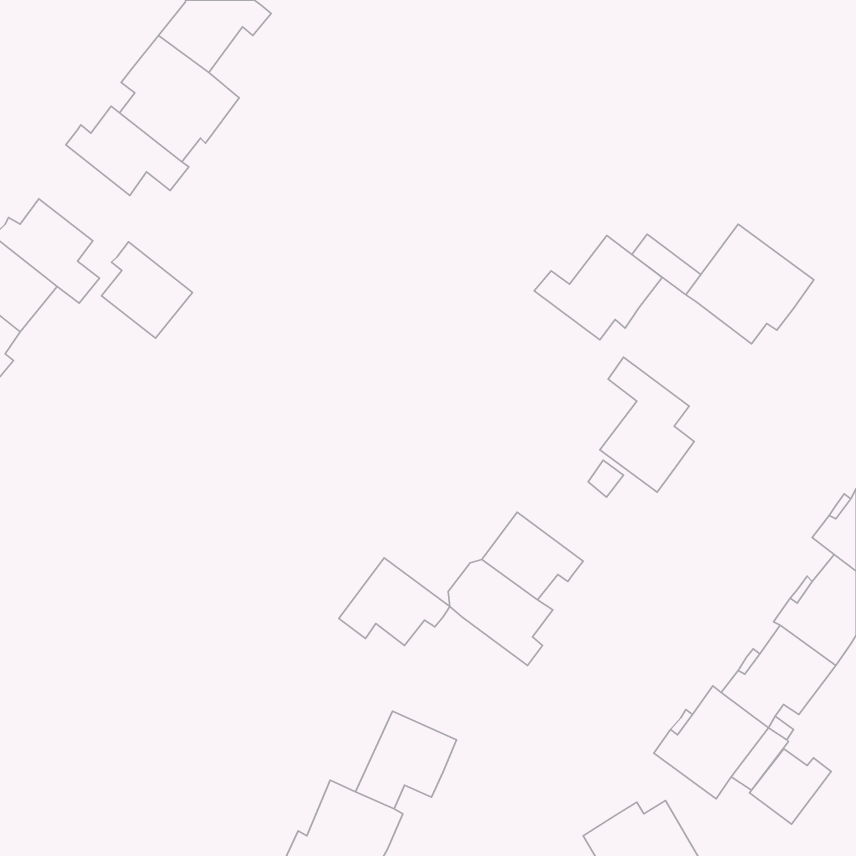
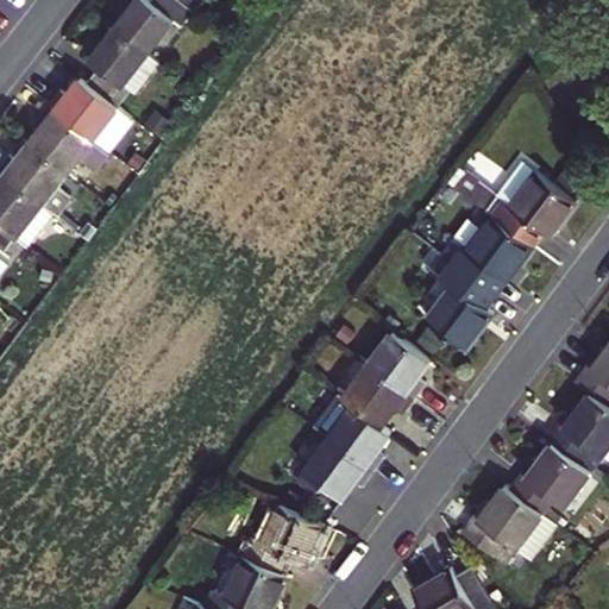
building: [534,235,662,340] -> [440,216,530,290]
building: [102,242,193,338] -> [27,106,92,174]
building: none -> [365,333,429,400]
building: [339,558,450,645] -> [294,439,372,501]
building: [750,749,831,824] -> none

